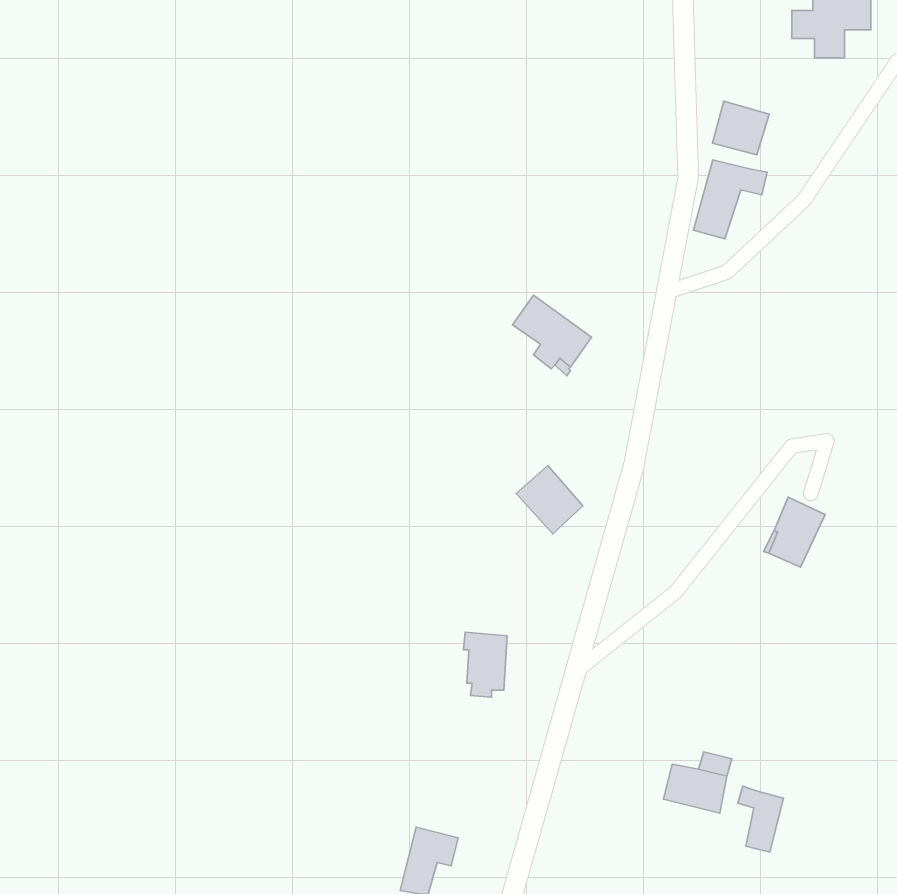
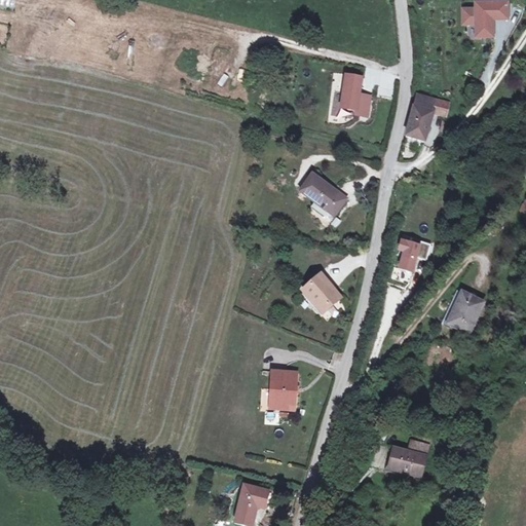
building: [712,101,769,155] -> none
building: none -> [341,73,371,115]
building: none -> [398,238,429,270]
building: [738,786,783,852] -> none

